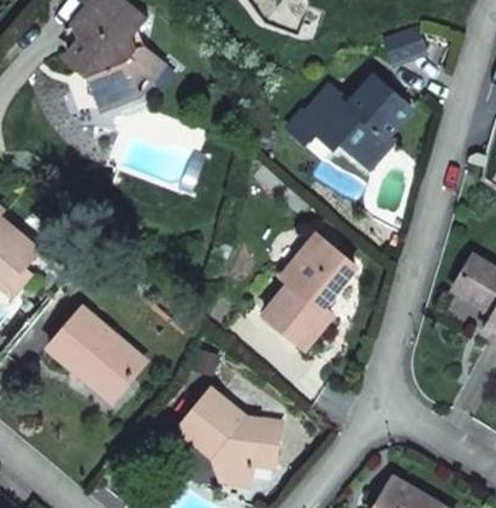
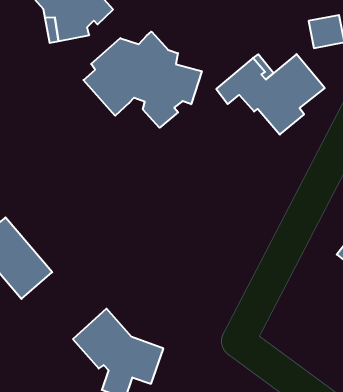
building: none -> [83,32,202,128]
building: [264,234,353,345] -> none

